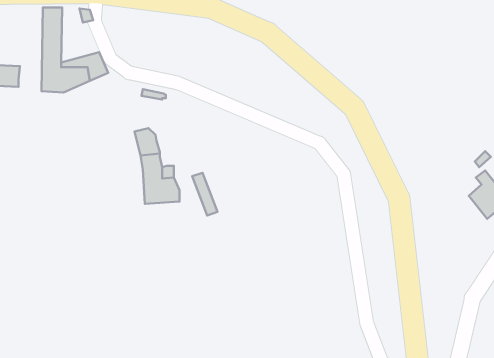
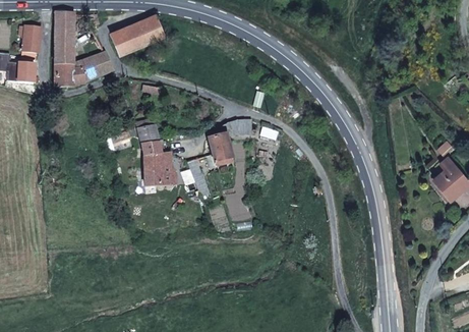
building: none -> [111,14,164,54]
building: none -> [22,25,41,53]
building: none -> [208,119,252,163]

